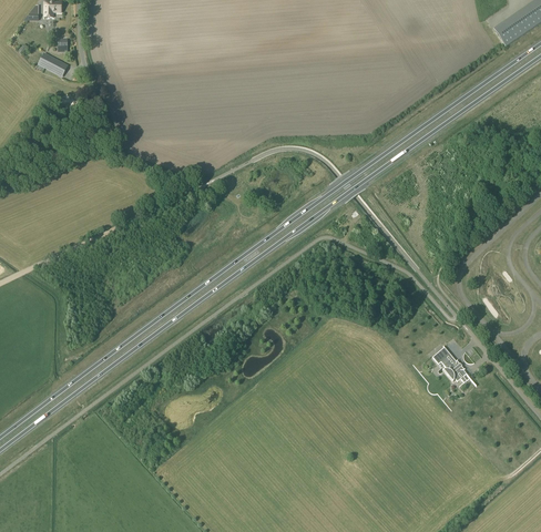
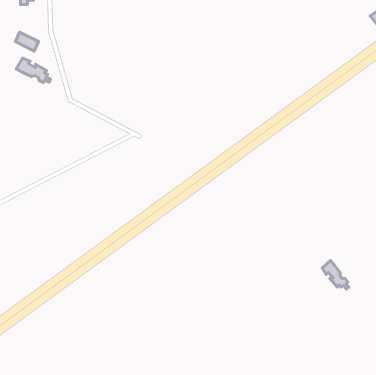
building: none -> [16,58,51,83]

